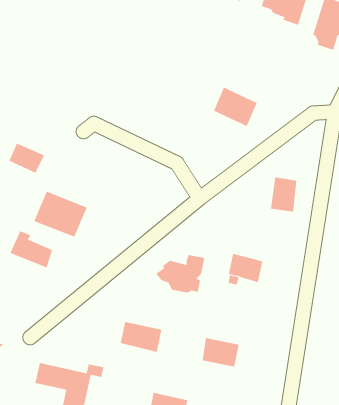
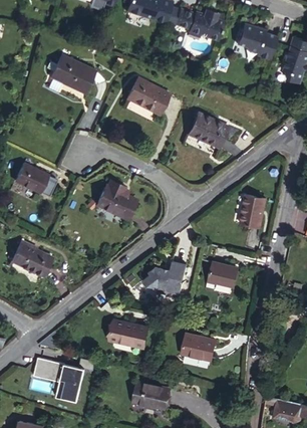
building: none -> [50,55,92,91]
building: none -> [132,79,171,112]
building: none -> [98,182,135,220]
building: [33,191,87,238] -> none

